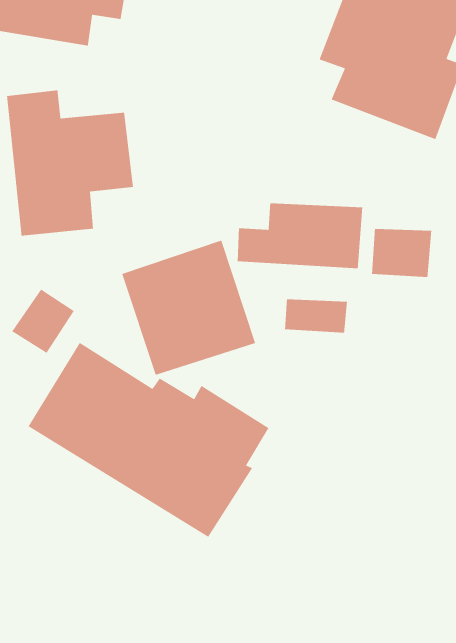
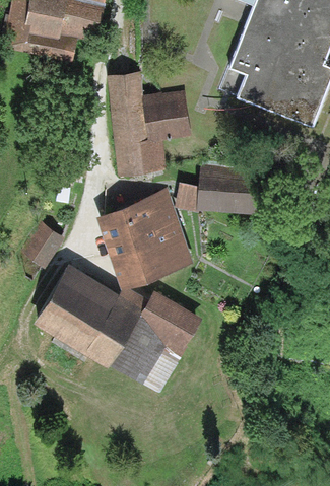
building: [6,90,134,237] -> [106,73,193,173]
building: [371,228,432,278] -> none
building: [284,298,348,334] -> none

